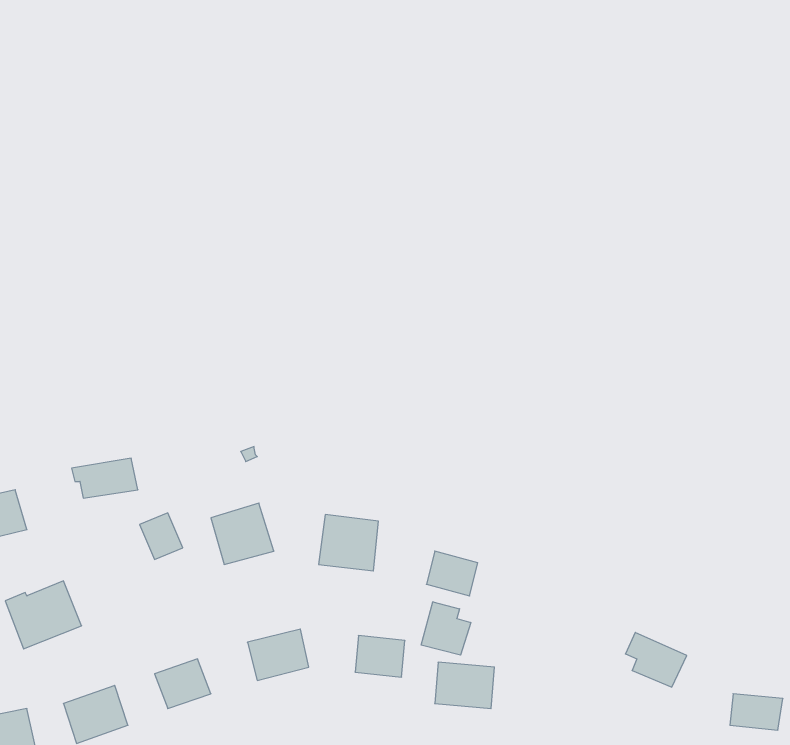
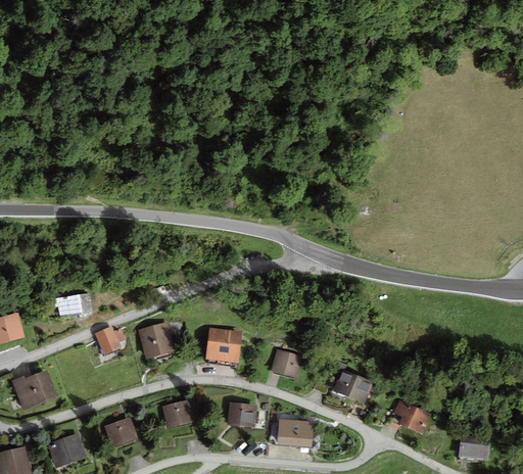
building: none -> [332,369,373,404]
building: [421,602,471,655] -> none

